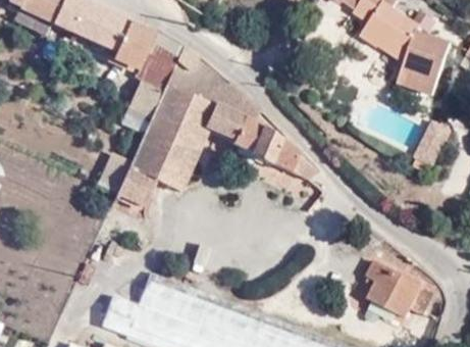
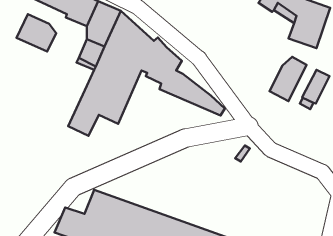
building: none -> [17,14,56,52]
building: none -> [270,57,307,101]
building: [368,261,431,317] -> none

